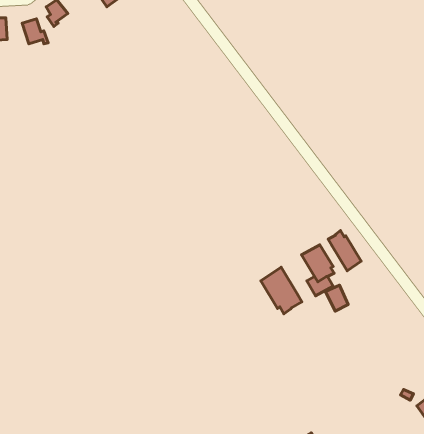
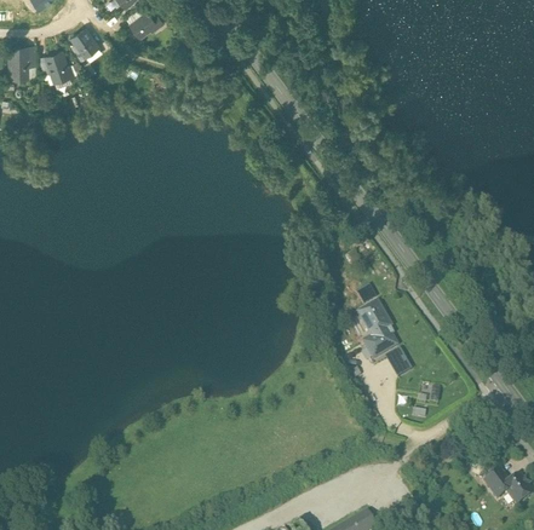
building: [328,231,361,271] -> none
building: [261,267,302,314] -> none

